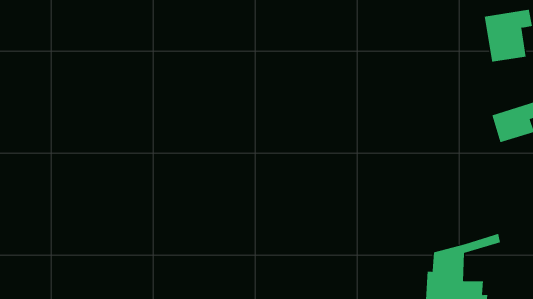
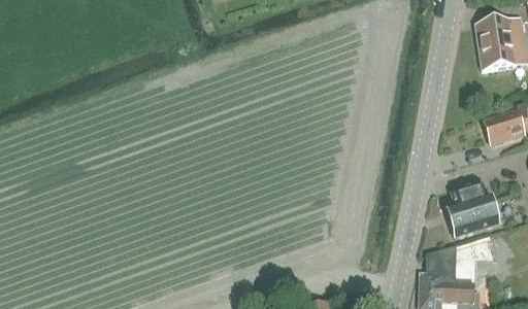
building: none -> [447,183,500,237]

